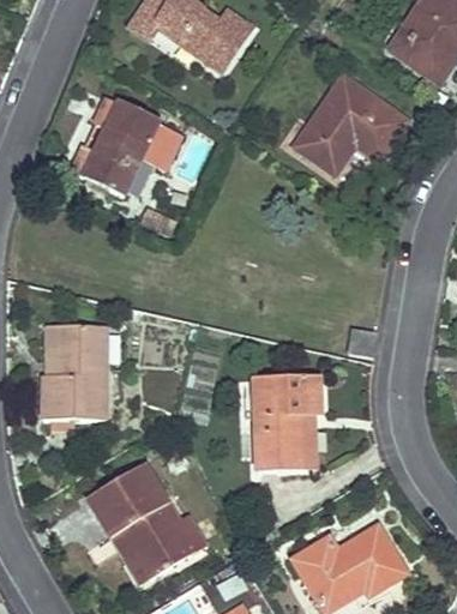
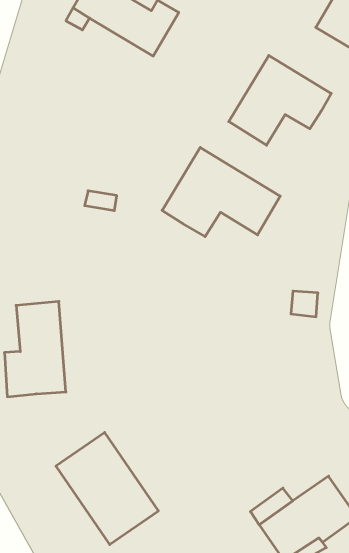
building: [72,97,179,194] -> none
building: none -> [162,147,280,237]
building: [255,371,323,466] -> none

